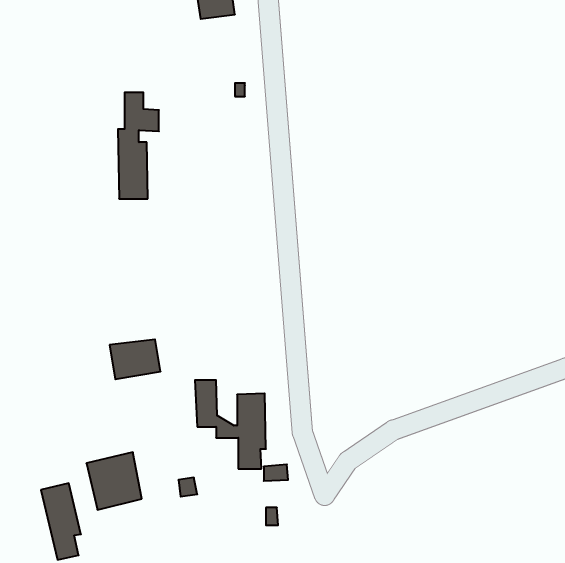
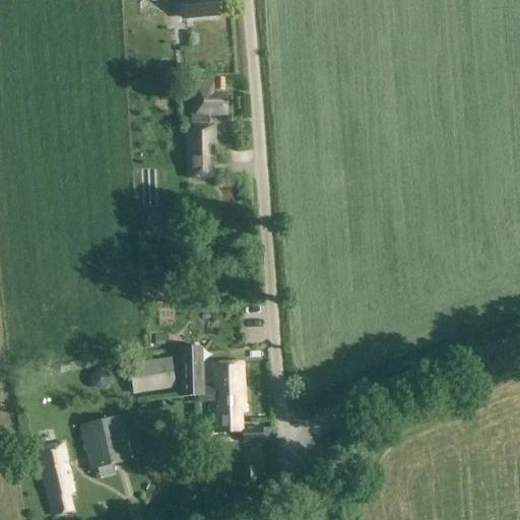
building: [118,92,159,199] -> [189,77,226,175]
building: [110,339,161,379] -> [130,356,177,393]

